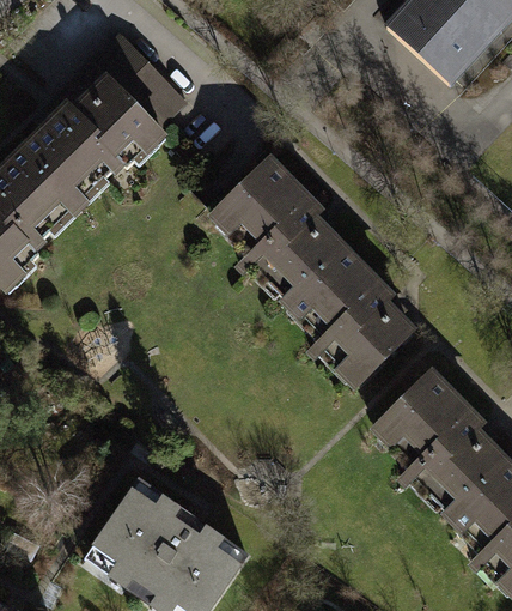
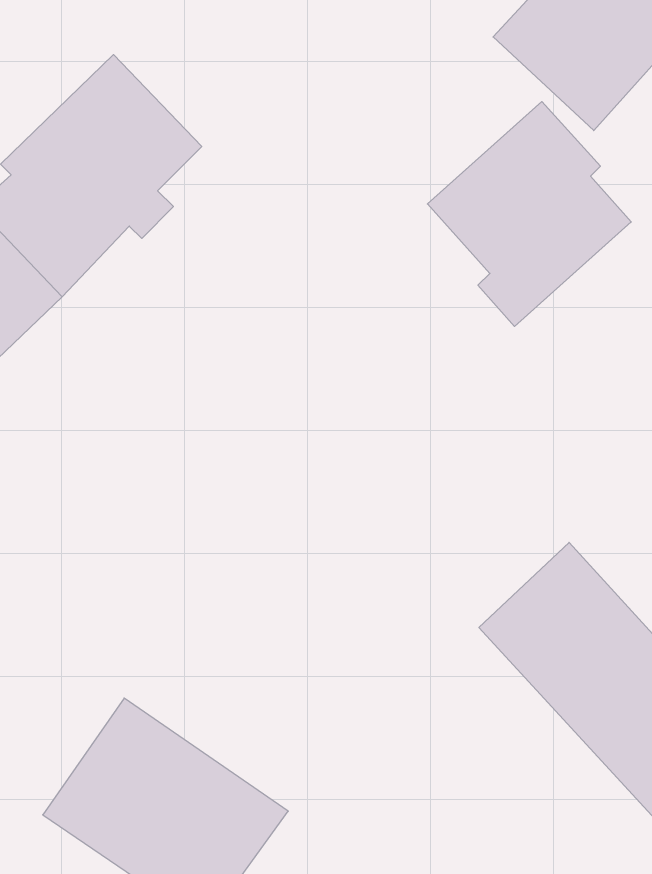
building: none -> [427,102,631,326]
building: [212,156,425,380] -> none

